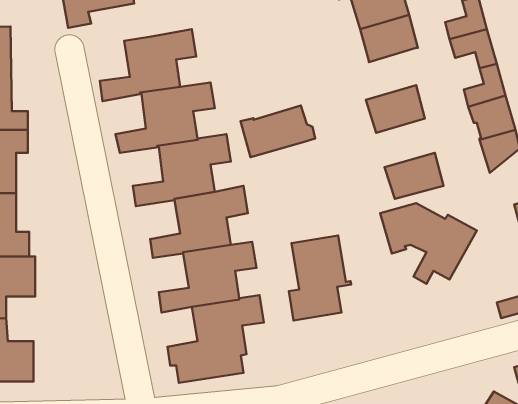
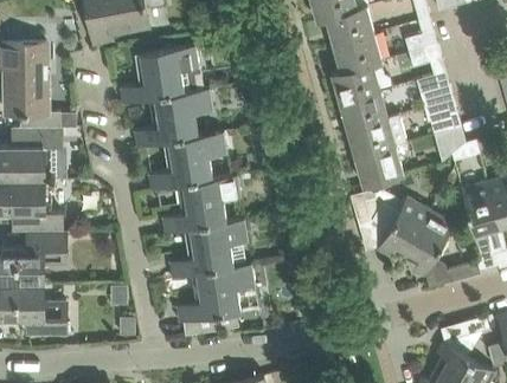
building: [241,105,315,157] -> [329,60,391,103]
building: none -> [346,116,405,158]
building: none -> [406,210,453,274]
building: [289,235,351,321] -> none

